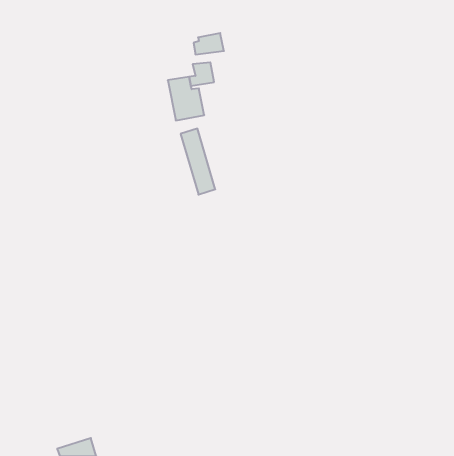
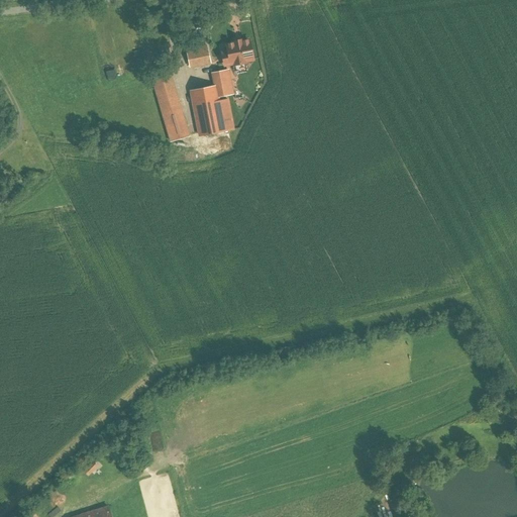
building: none -> [186,46,209,69]
building: [181,129,215,195] -> [150,68,190,142]

